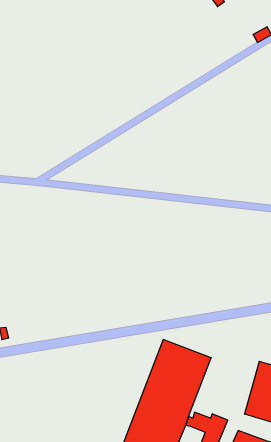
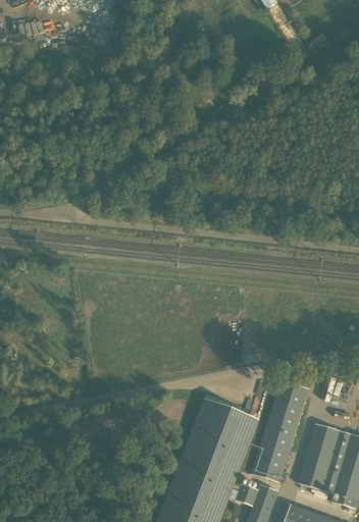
building: none -> [252,379,308,482]

